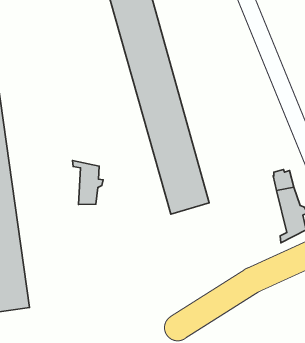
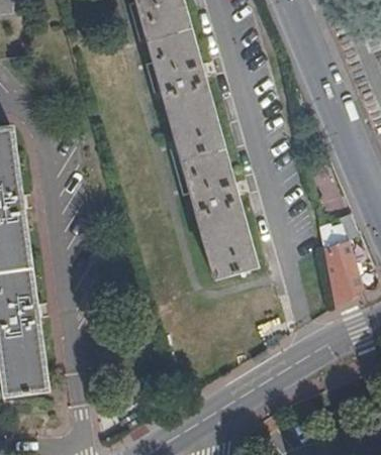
building: [73,160,103,205] -> none

